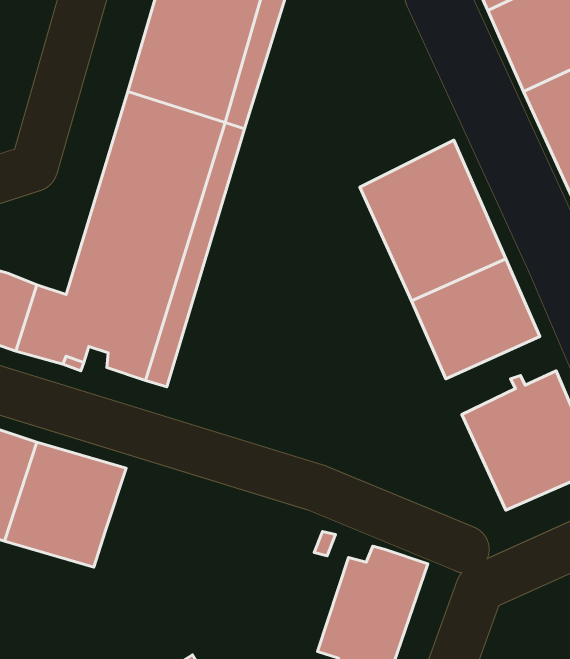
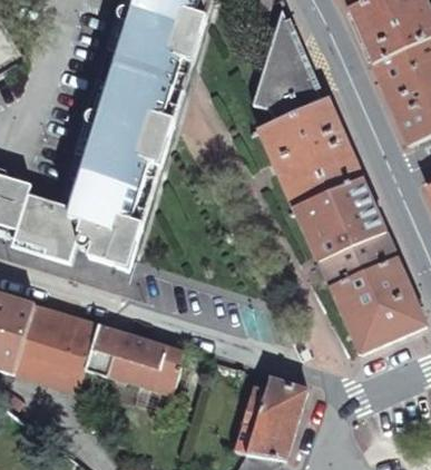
building: none -> [253,9,325,124]
building: none -> [320,234,395,287]
building: none -> [86,324,186,396]

